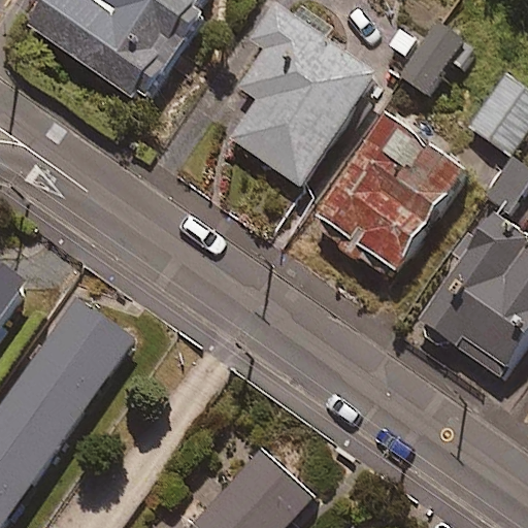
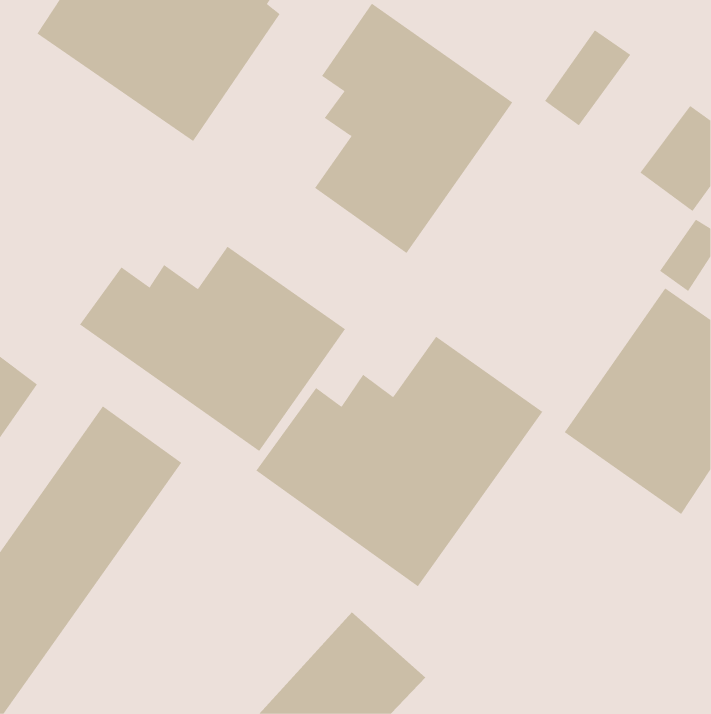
building: [314,114,466,273] -> none
building: none -> [79,246,346,452]
building: none -> [255,336,543,587]

